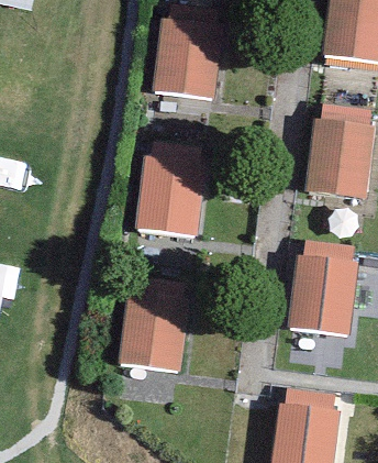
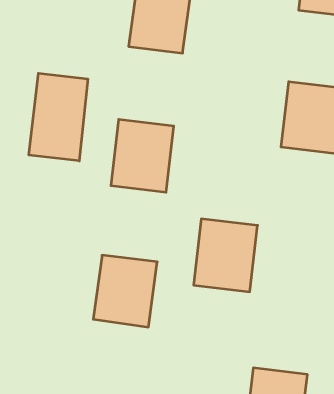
building: none -> [29,73,88,161]
building: [290,258,354,331] -> [194,219,258,292]

